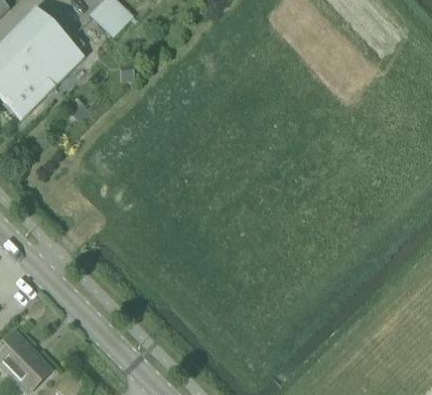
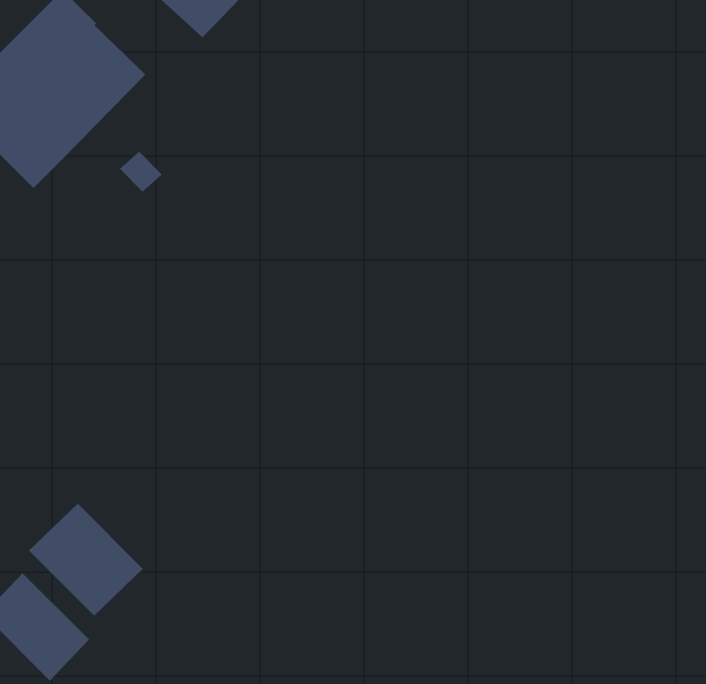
building: none -> [28,503,144,616]

